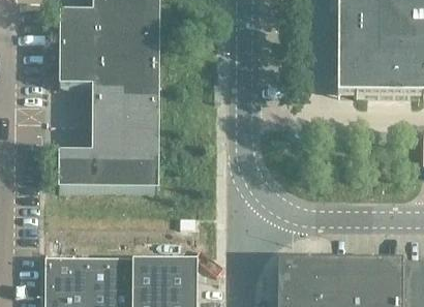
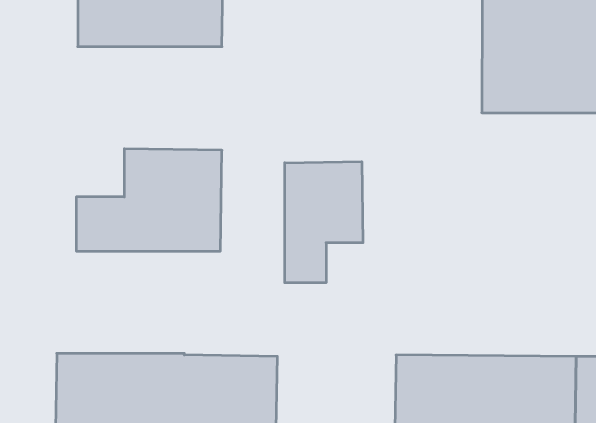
building: [59,47,158,118] -> none
building: none -> [285,162,363,283]

